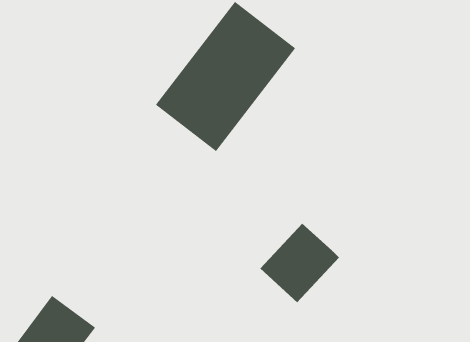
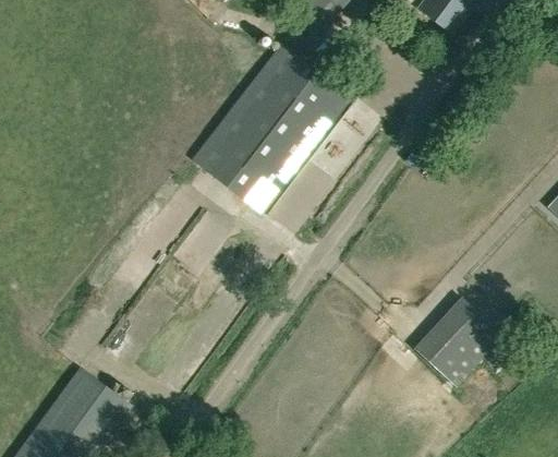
building: [259,223,340,303] -> [415,298,504,386]

